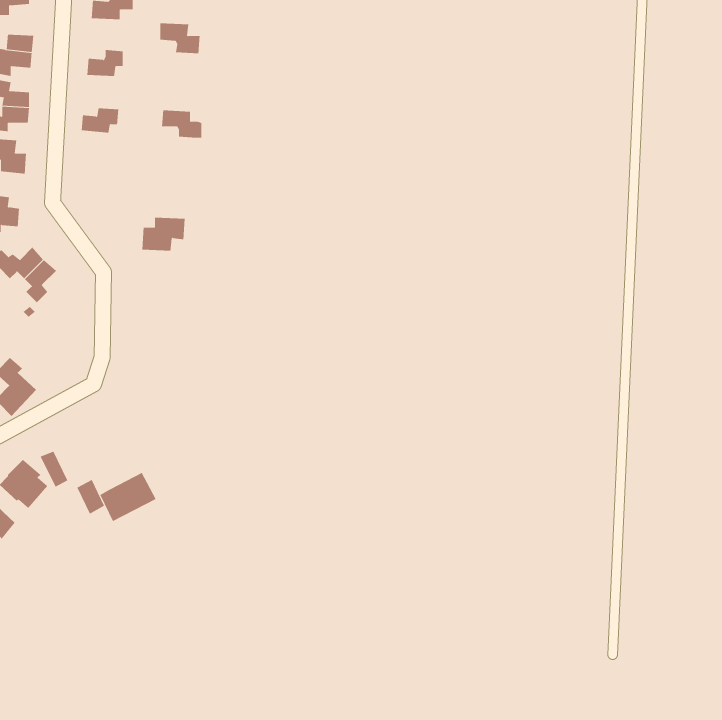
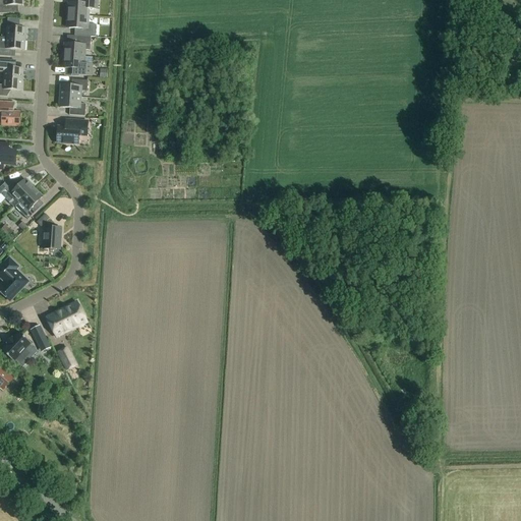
building: [160,23,201,54] -> [65,13,95,36]
building: [161,110,202,138] -> [61,54,91,74]
building: none -> [58,94,84,114]
building: [141,217,185,251] -> [55,118,86,142]
building: none -> [35,212,60,248]
building: [100,472,156,522] -> [45,300,85,336]

